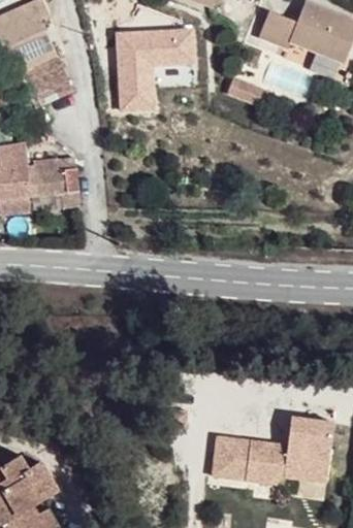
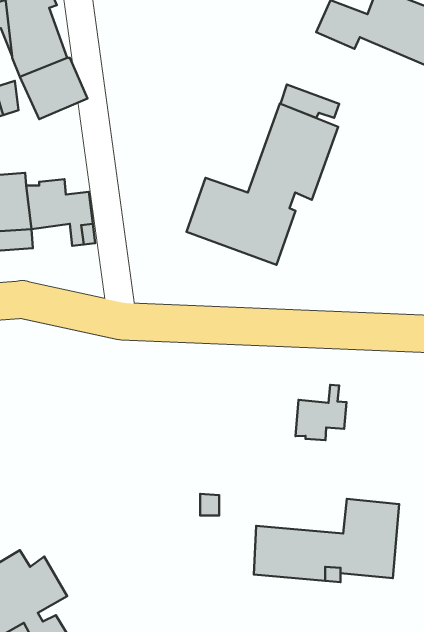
building: [111,27,194,109] -> none
building: none -> [186,104,338,265]
building: none -> [295,385,347,440]

